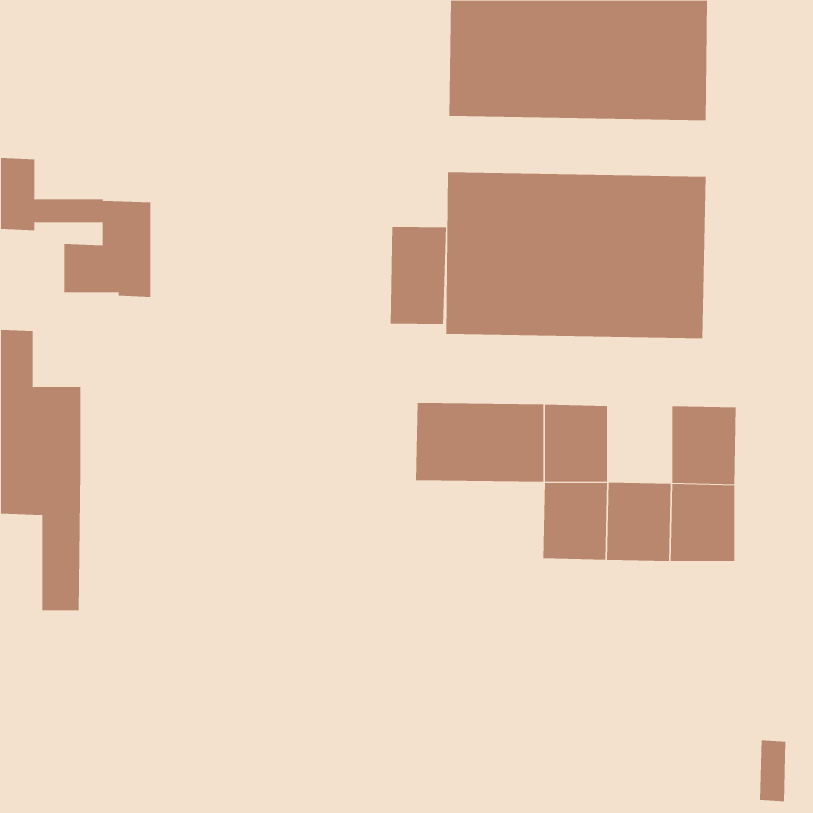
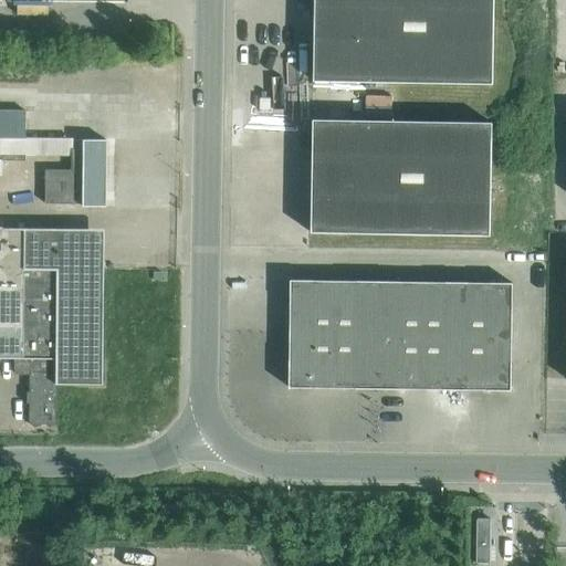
building: [390,226,447,325] -> none
building: none -> [23,230,104,385]
building: none -> [422,282,467,336]
building: none -> [287,334,378,388]
building: [759,740,786,802] -> [473,516,492,559]

